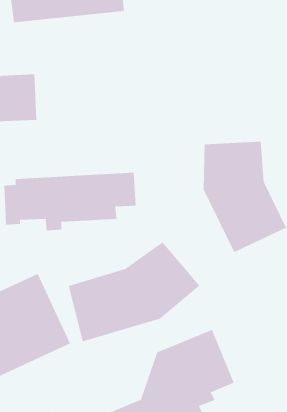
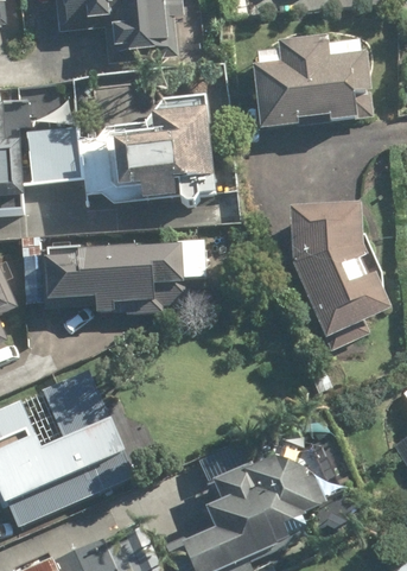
building: none -> [252,37,373,128]
building: none -> [108,109,209,205]
building: [68,242,200,342] -> none

